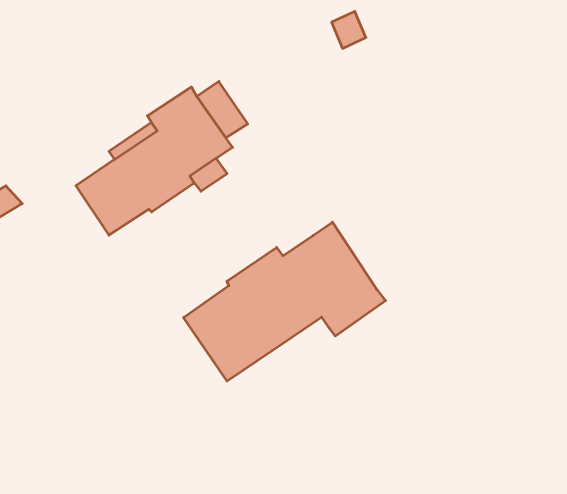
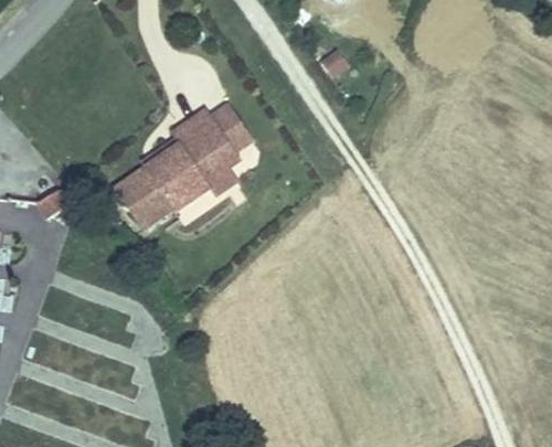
building: [184,222,386,381] -> none

